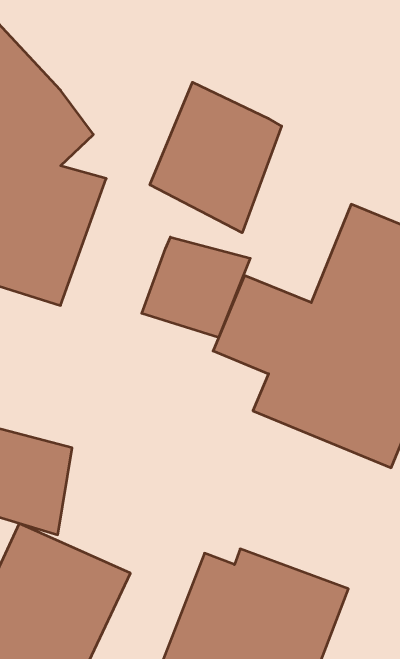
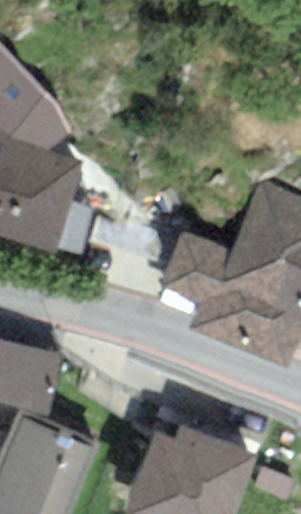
building: [150,82,282,233] -> none
building: [142,237,250,337] -> none

